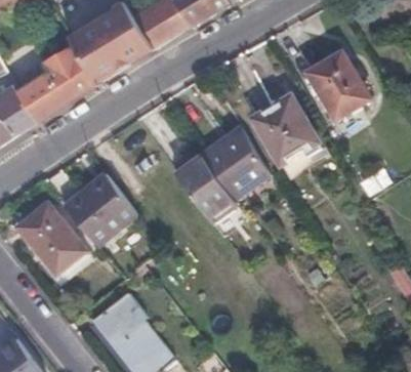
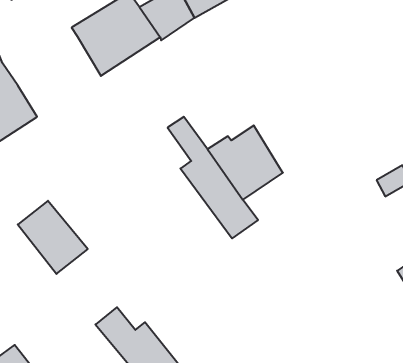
building: [18,45,97,122] -> none
building: [307,48,375,120] -> none
building: [254,97,321,162] -> none
building: [66,174,134,243] -> none

